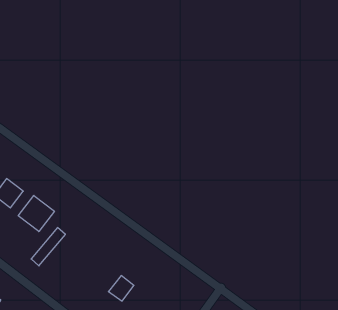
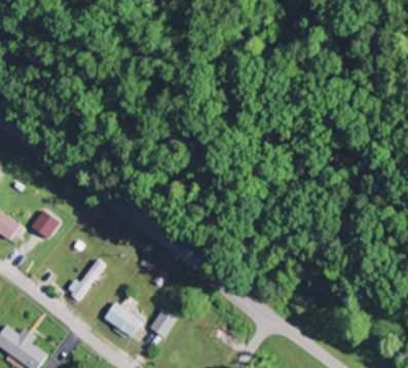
building: [18,195,54,232] -> none
building: none -> [104,301,142,337]

